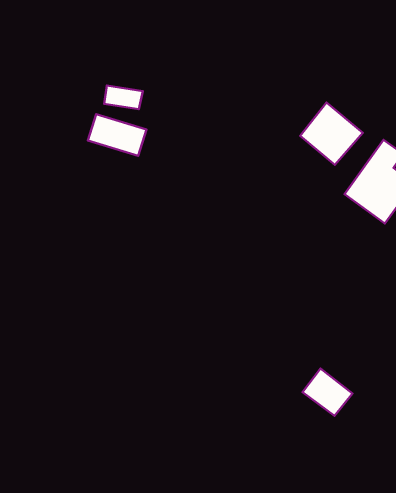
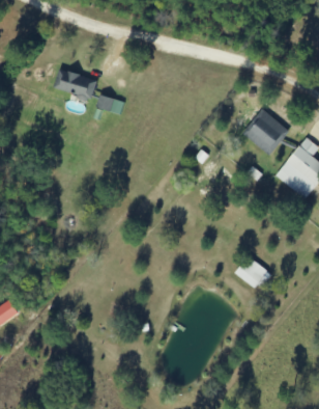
building: [88,114,146,156] -> [53,69,96,100]
building: [302,369,353,416] -> [234,254,271,290]

